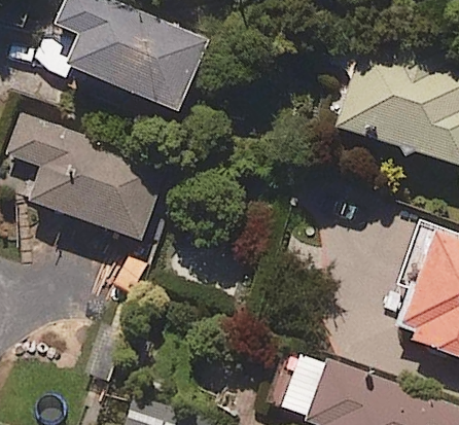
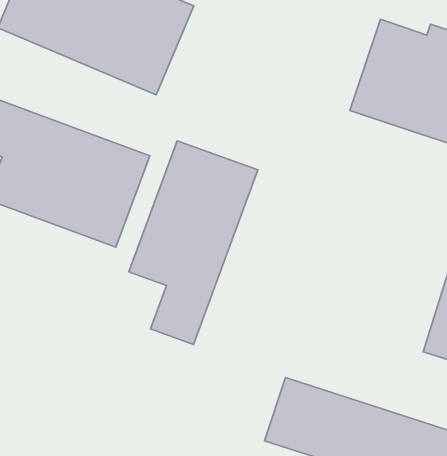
building: none -> [129,141,258,345]

